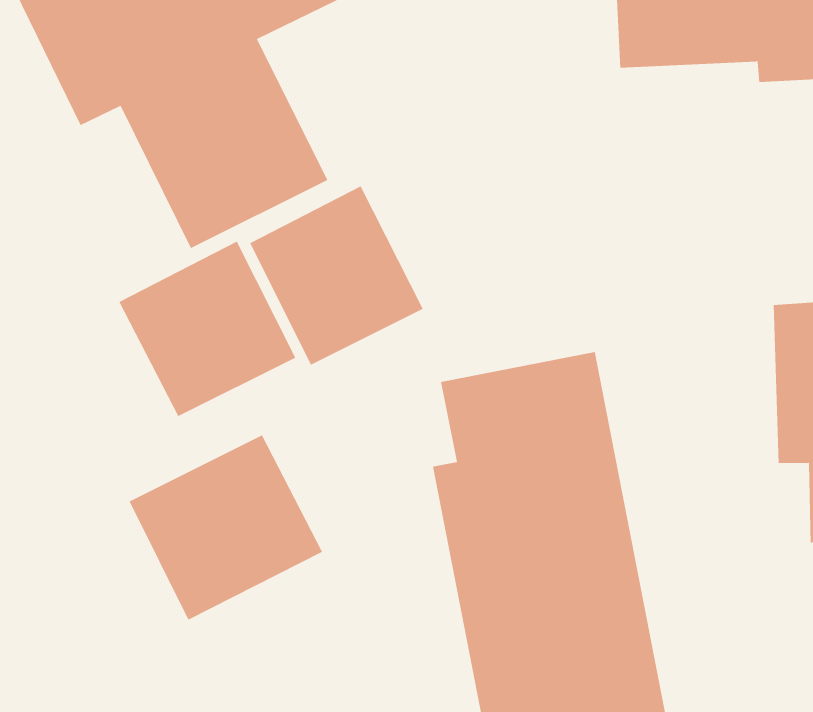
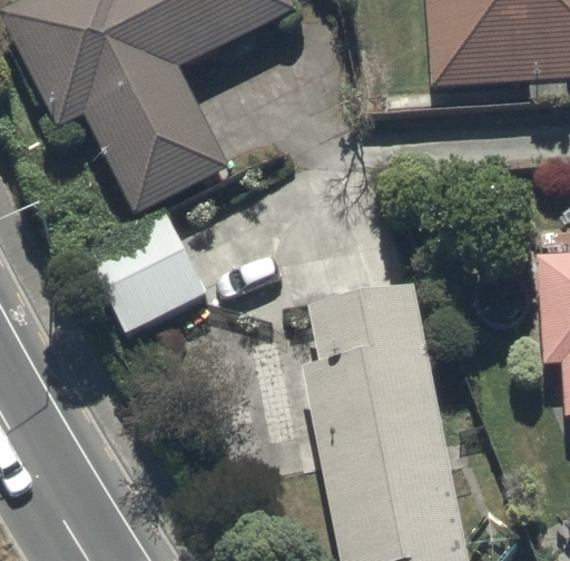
building: [249,186,424,366] -> none
building: [129,434,323,620] -> none

